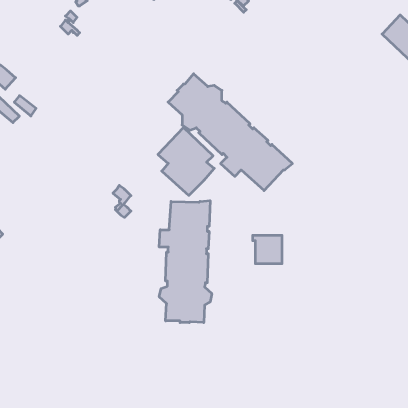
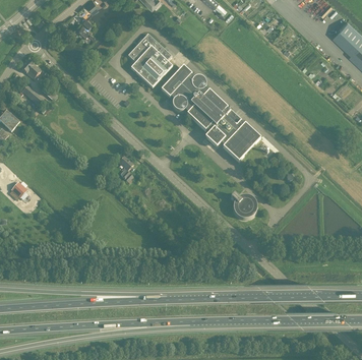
building: [158,127,214,195] -> [127,35,172,88]
building: [159,201,212,323] -> none

